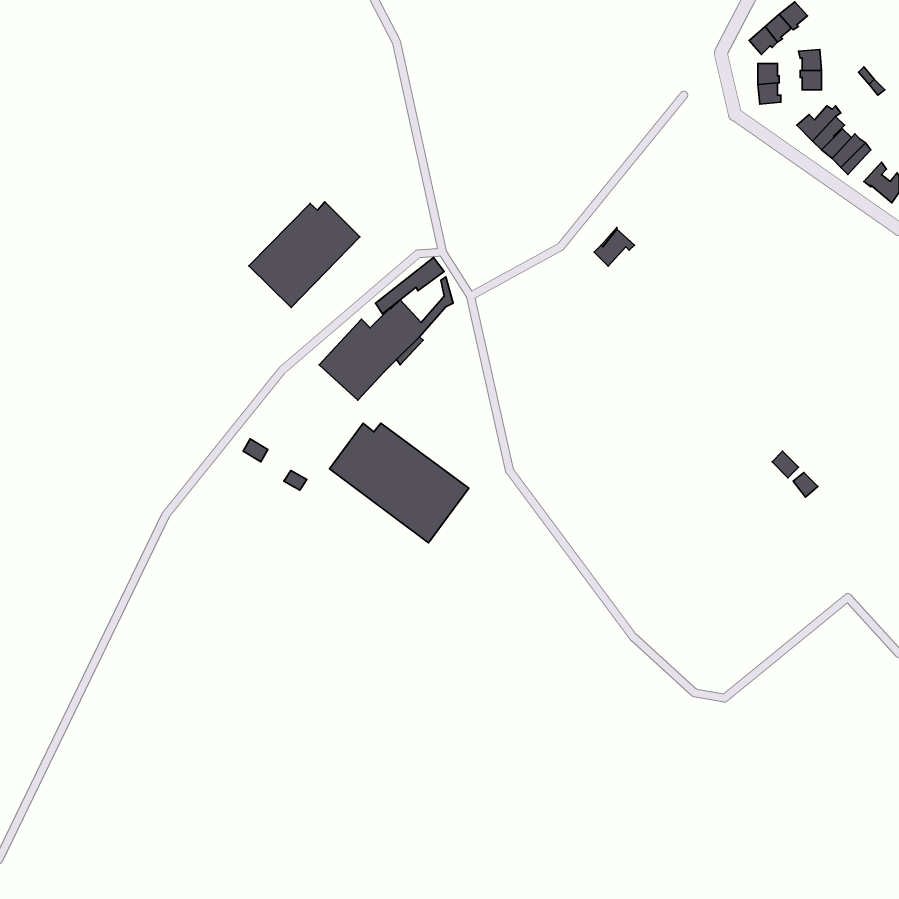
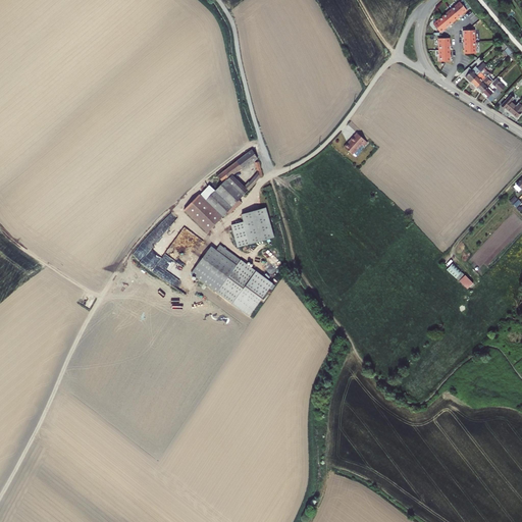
building: [249,202,360,308] -> none
building: none -> [231,207,274,248]

